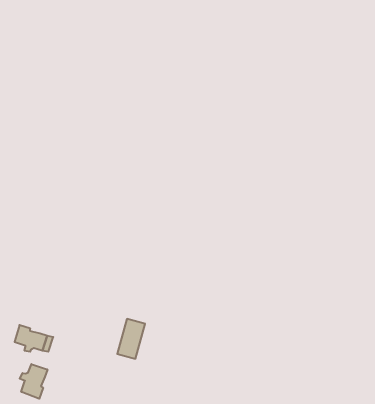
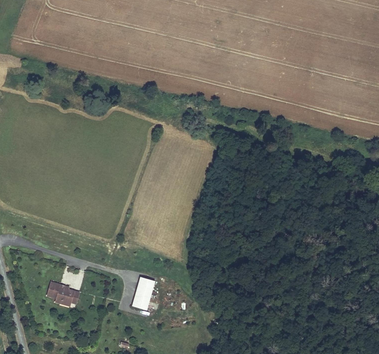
building: [20,364,47,399] -> none

